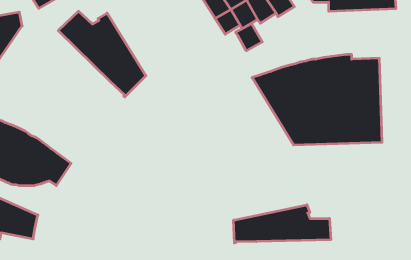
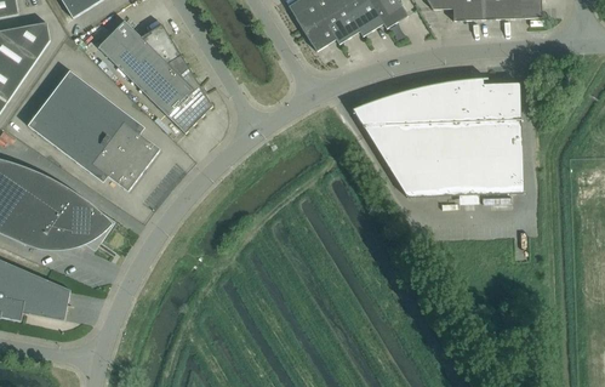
building: [236,23,262,51] -> none
building: none -> [25,69,159,190]
building: [234,205,331,243] -> none

